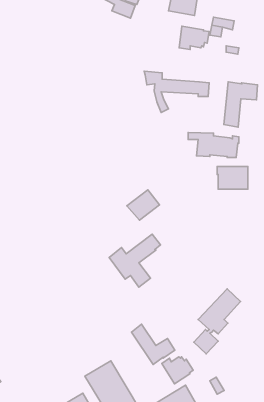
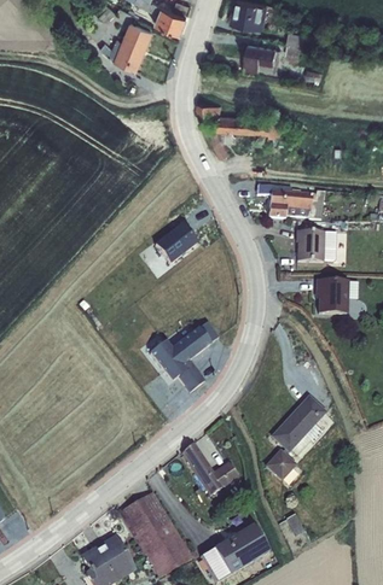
building: none -> [99,21,152,69]
building: [224,82,258,127] -> none
building: [127,190,159,220] -> [152,227,196,268]
building: none -> [314,279,348,314]
building: [162,357,193,384] -> none

